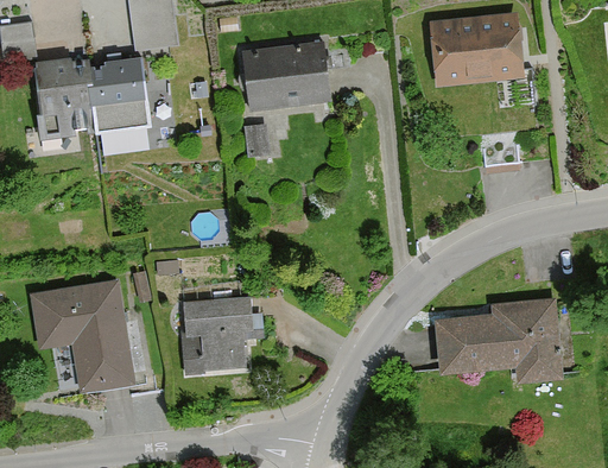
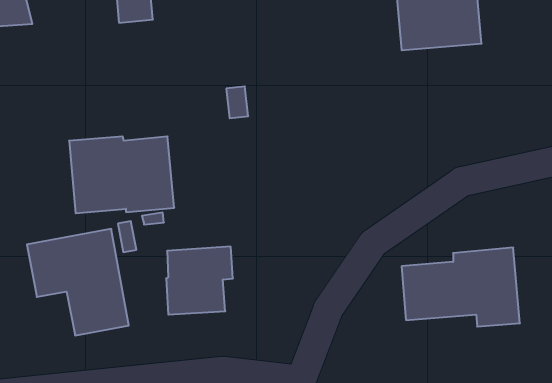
building: [239,42,334,109] -> none
building: [34,56,148,139] -> [69,136,174,213]

